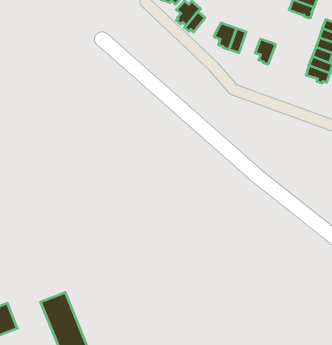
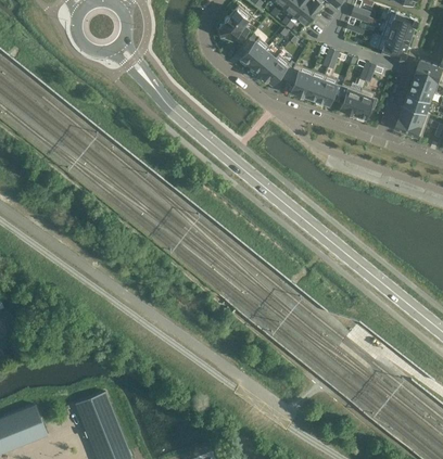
building: none -> [260,55,290,85]
building: none -> [314,76,340,107]
building: none -> [351,89,376,122]

